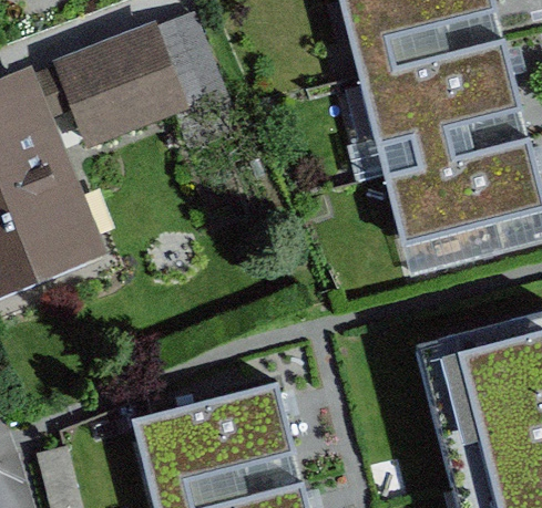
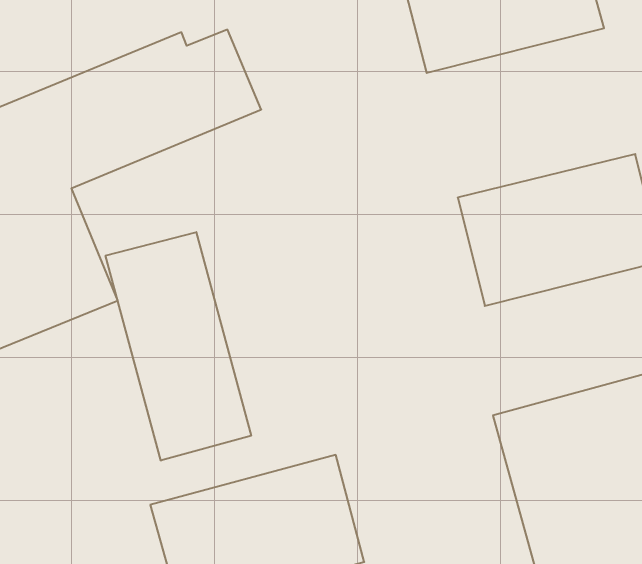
building: [356,30,526,168] -> none
building: none -> [106,232,251,461]

